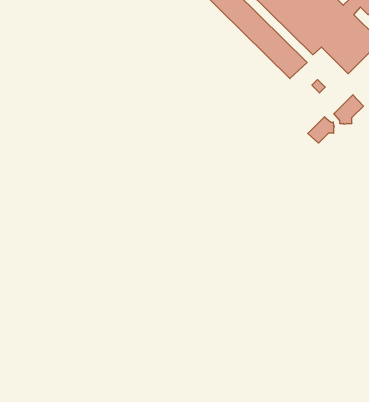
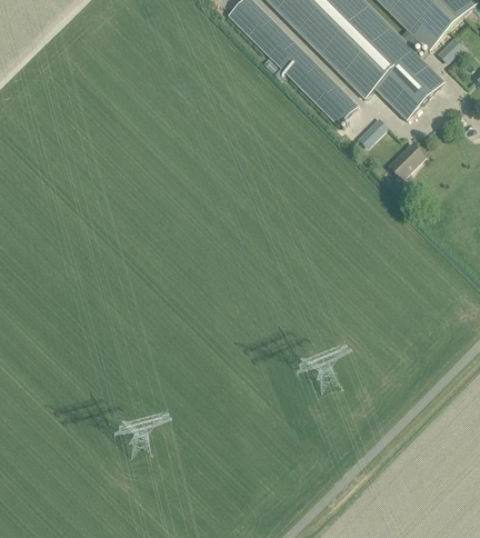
building: [308,117,334,143] -> none

